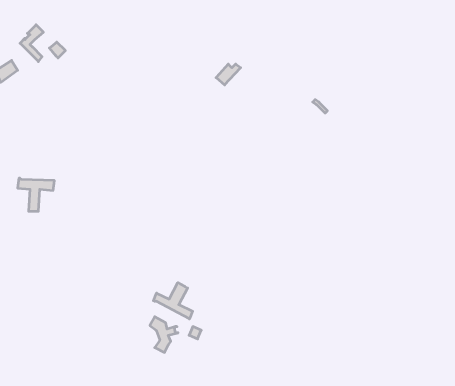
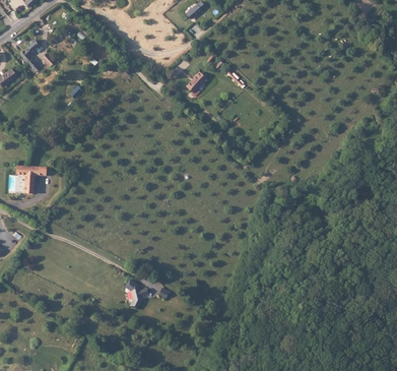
building: [153,283,193,319] -> none

